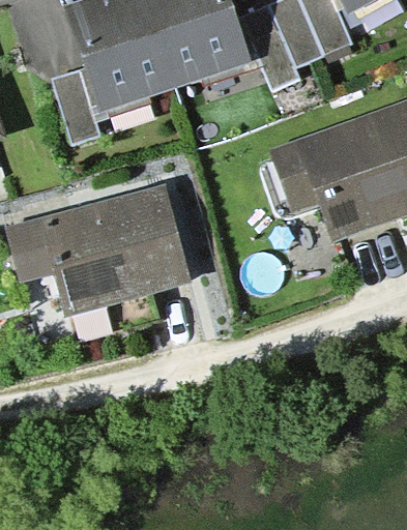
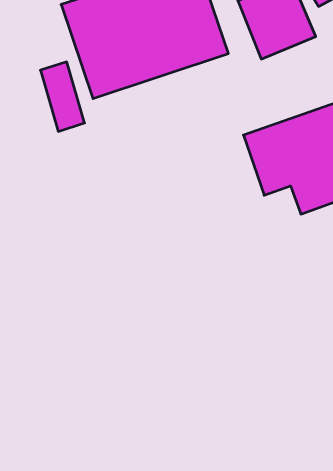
building: [14,182,193,316] -> none

